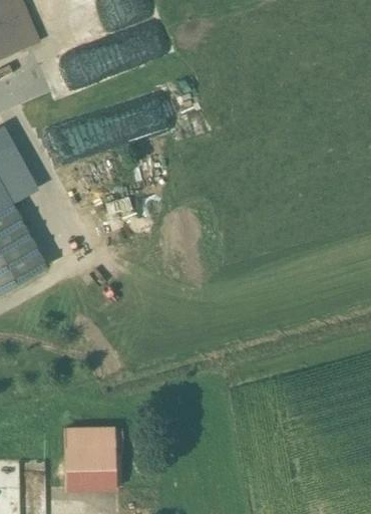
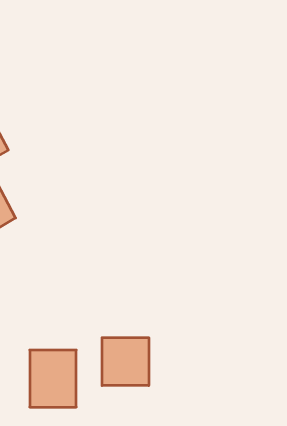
building: none -> [102,338,149,386]

